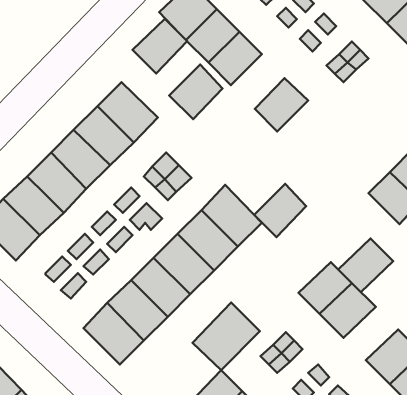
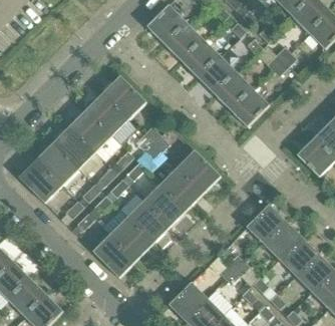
building: [132,19,187,74] -> none
building: [169,65,223,119] -> [198,56,236,95]
building: [254,184,306,237] -> [231,89,268,127]
building: [338,239,393,292] -> [278,237,317,275]
building: [192,302,260,370] -> none

